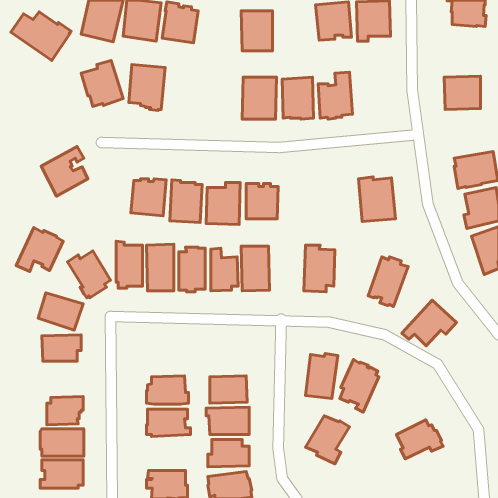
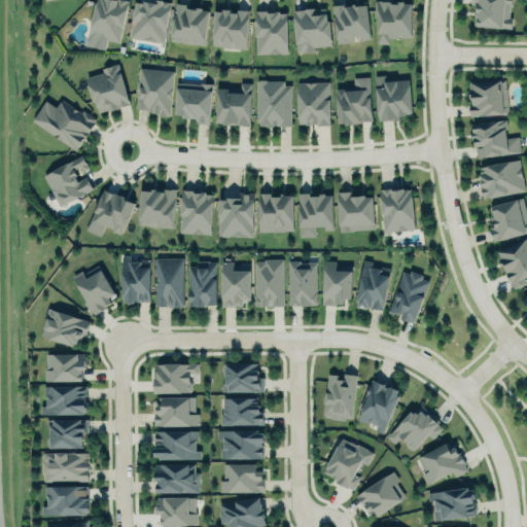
building: none -> [214,9,250,49]
building: none -> [294,9,333,55]
building: [11,12,71,61] -> [33,100,97,151]
building: none -> [377,79,414,122]
building: none -> [216,82,251,126]
building: none -> [176,83,212,126]
building: none -> [472,120,521,159]
building: none -> [339,191,376,234]
building: none -> [300,195,336,238]
building: [16,228,63,271] -> [86,190,136,237]
building: none -> [357,260,390,311]
building: none -> [289,261,318,307]
building: [402,300,457,346] -> [387,403,445,452]
building: none -> [154,363,200,394]
building: none -> [223,364,266,393]
building: none -> [42,386,87,414]
building: none -> [155,464,201,494]
building: none -> [356,471,407,517]
building: none -> [428,488,478,521]

